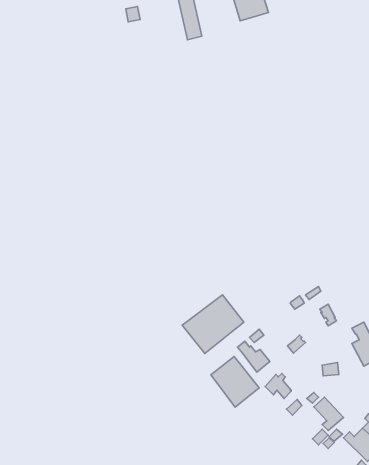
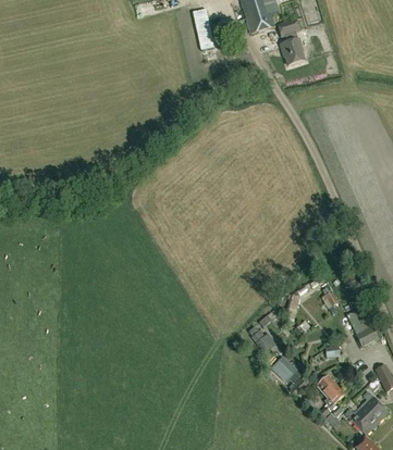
building: none -> [278,18,305,64]
building: [182,295,244,353] -> none
building: [211,356,259,407] -> none

